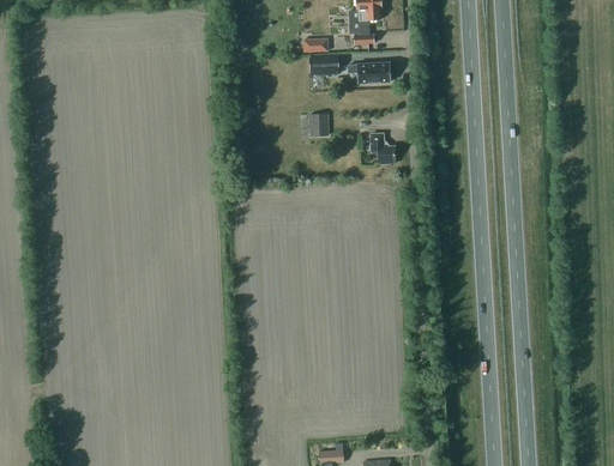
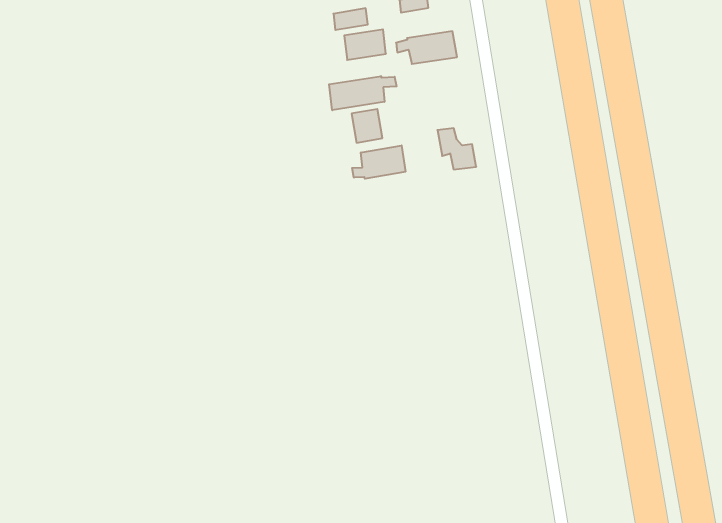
building: none -> [329,76,397,110]
building: none -> [352,145,405,179]

